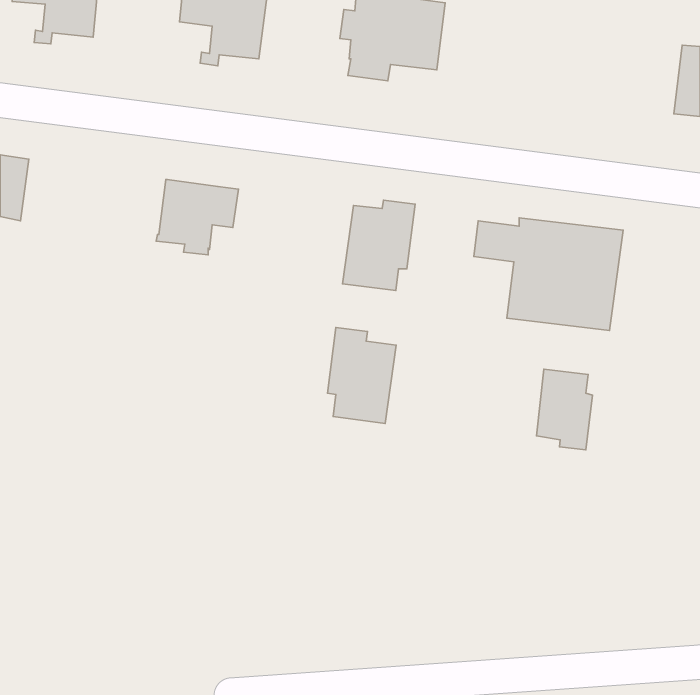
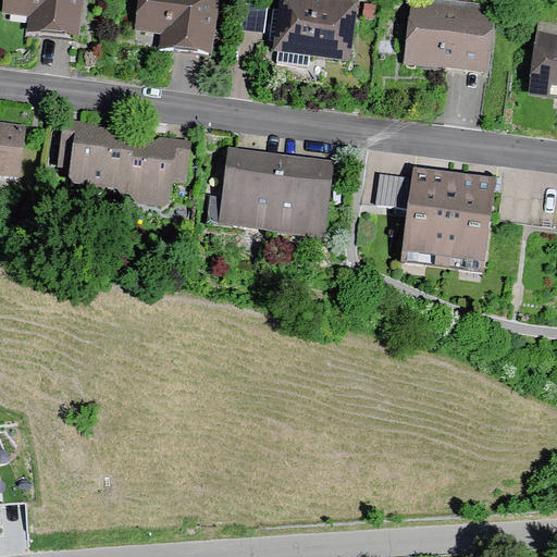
building: none -> [410,5,490,69]
building: none -> [58,129,134,186]
building: [328,327,396,423] -> [226,149,281,225]
building: [536,369,593,450] -> none

